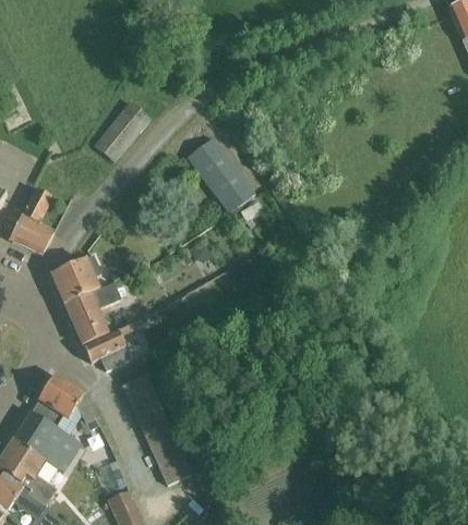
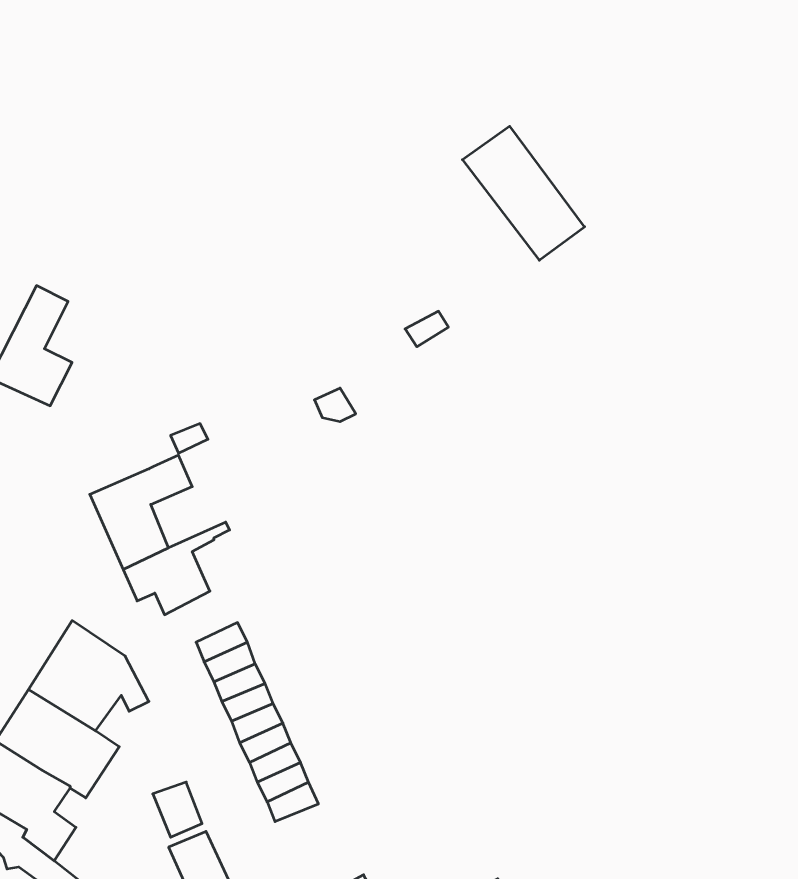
building: [95,101,149,160] -> none
building: [188,137,255,211] -> [462,126,585,260]
building: [51,255,101,303] -> none

